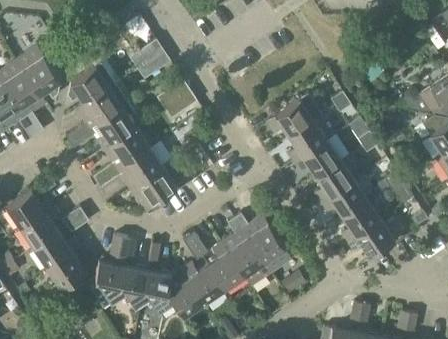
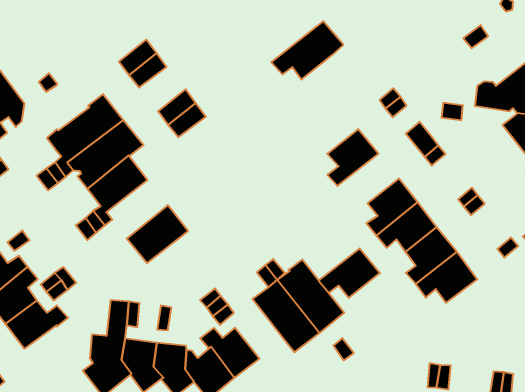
building: [67,59,120,104] -> none
building: [265,94,321,137] -> [271,21,343,80]
building: [293,140,340,177] -> [319,248,380,298]
building: [116,147,163,190] -> none
building: [207,243,244,289] -> none
building: [46,252,88,289] -> none

